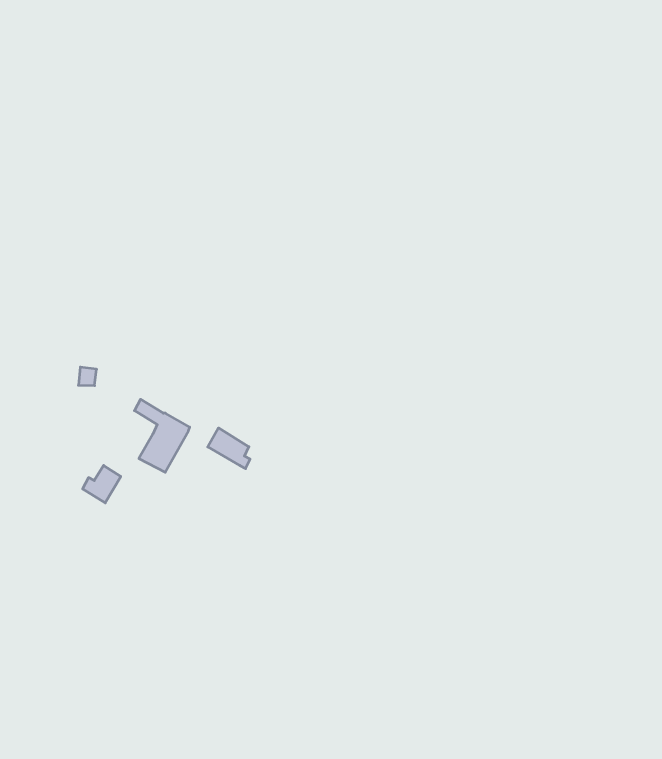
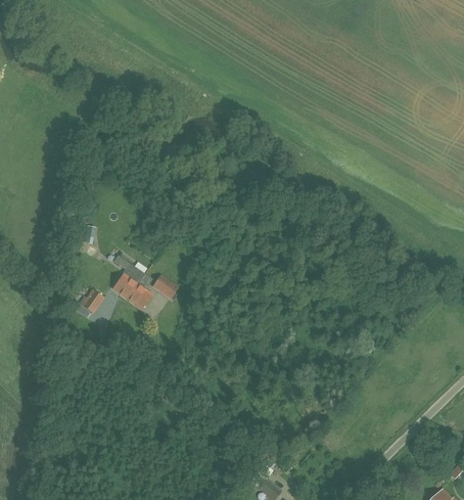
building: none -> [127,274,151,309]

